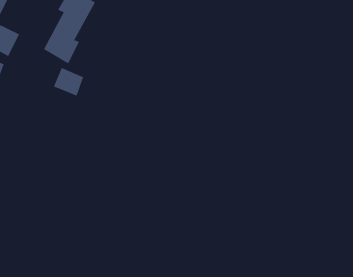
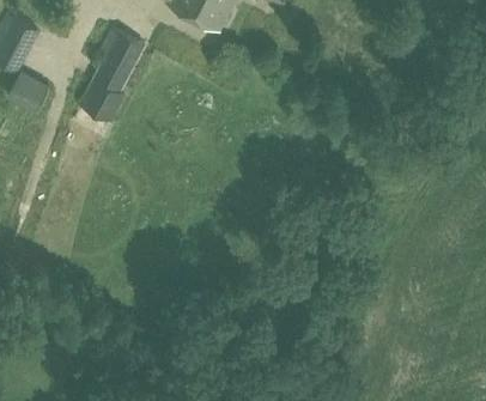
building: [53,67,84,96] -> none

